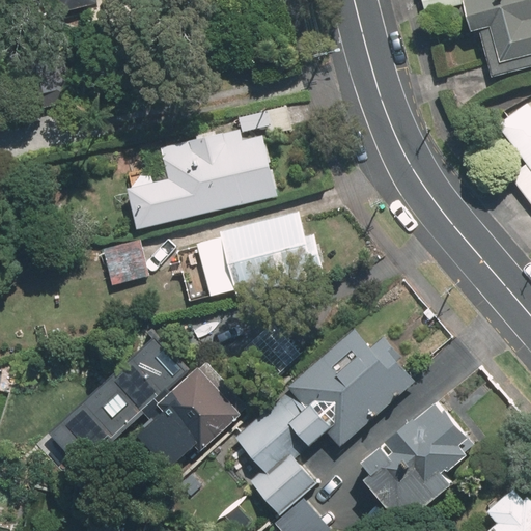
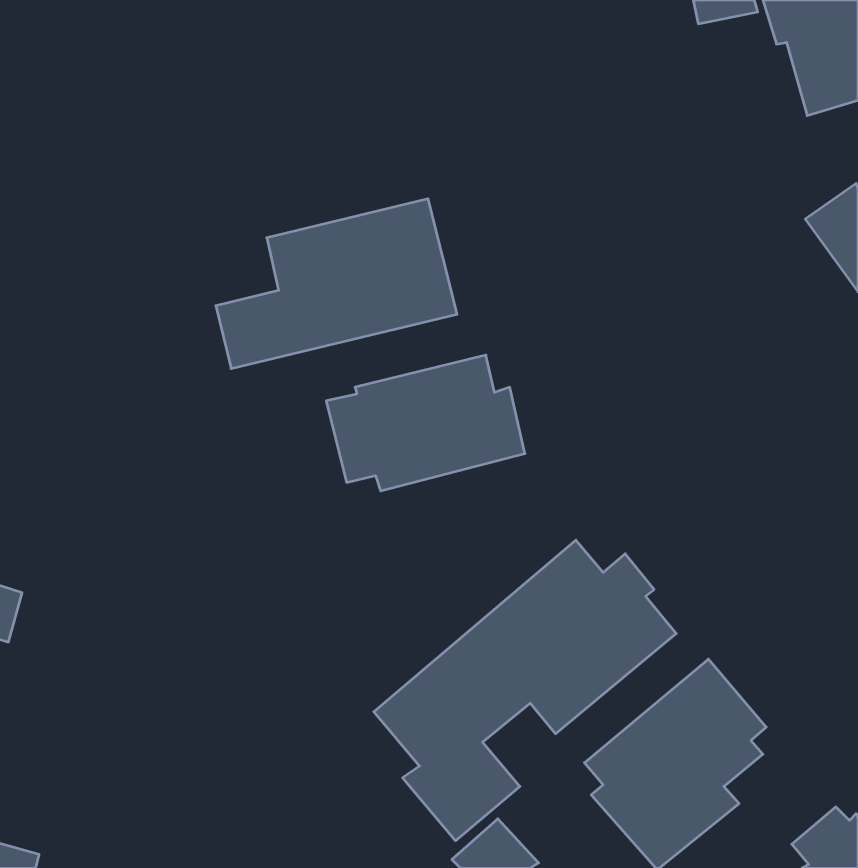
building: [100,236,150,283] -> none
building: [31,331,253,486] -> none

